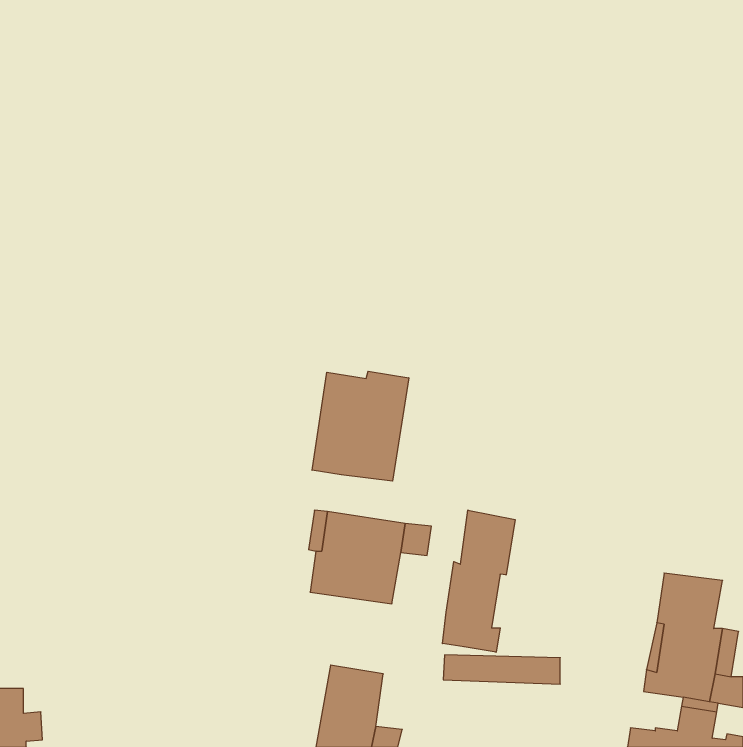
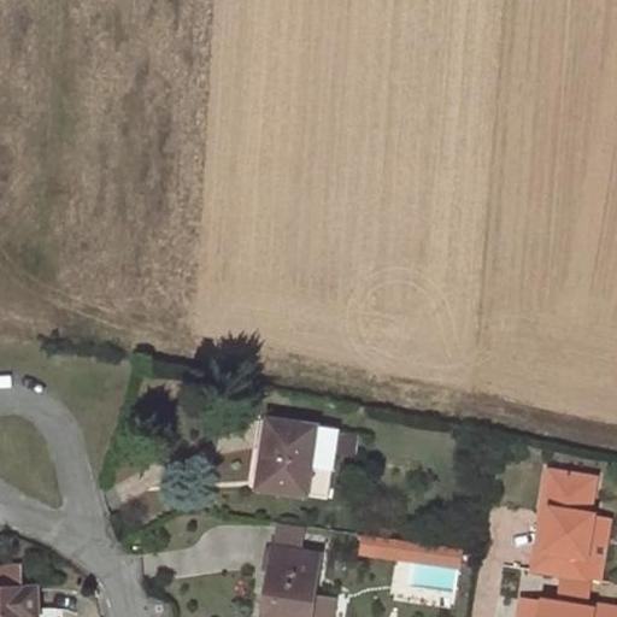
building: [312,371,409,481] -> none
building: [442,510,515,652] -> none

